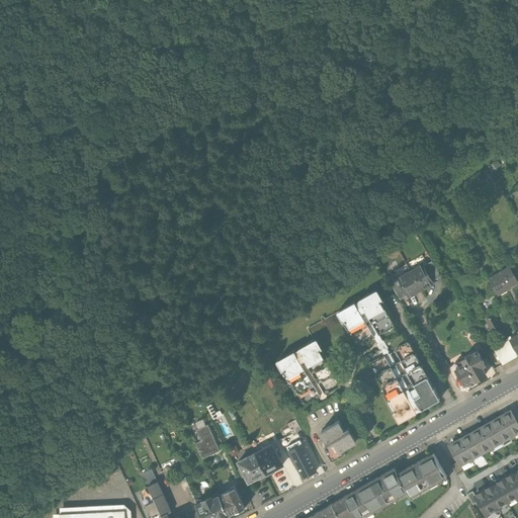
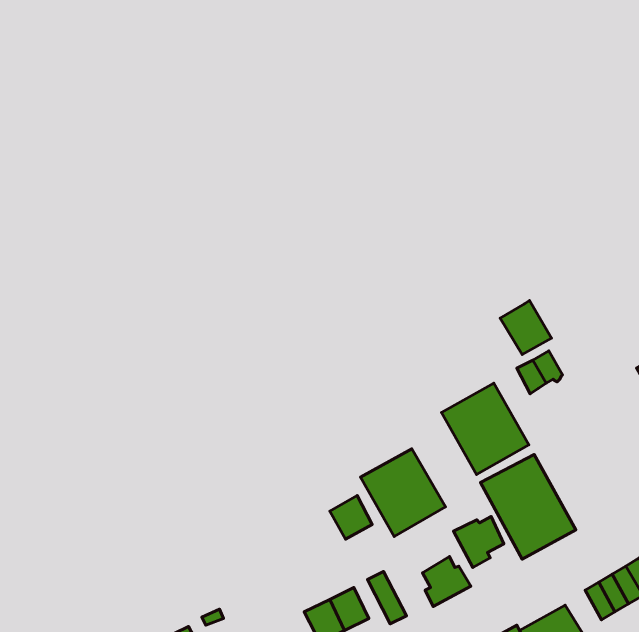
building: none -> [500,300,552,354]
building: [452,351,484,384] -> none
building: none -> [330,496,372,539]
building: none -> [453,516,504,568]
building: [195,426,219,458] -> none

